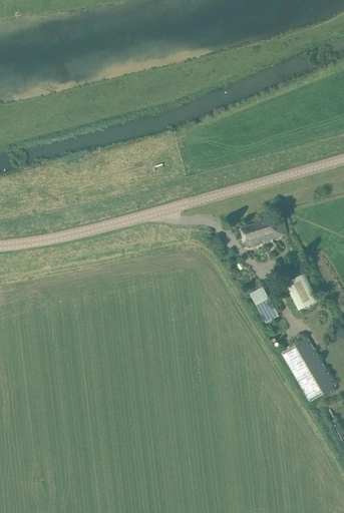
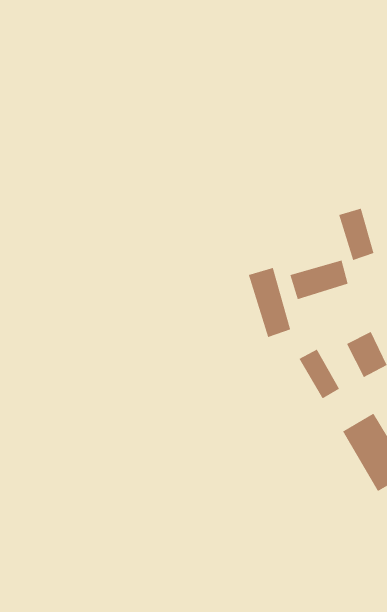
building: none -> [338,208,374,261]
building: none -> [248,267,291,338]

